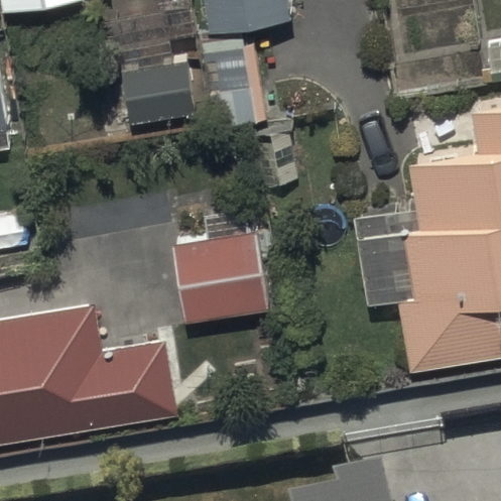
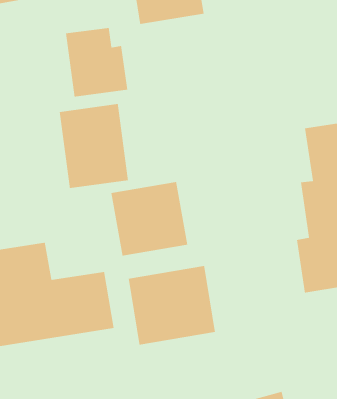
building: none -> [59,103,128,189]
building: none -> [128,265,215,345]

